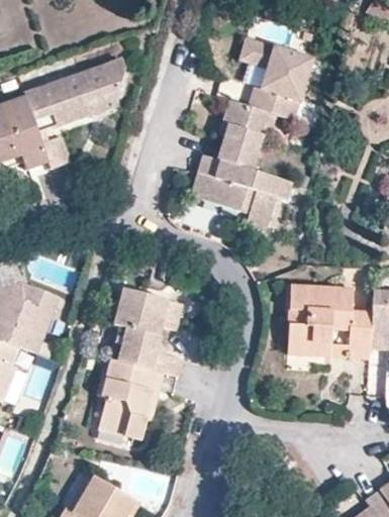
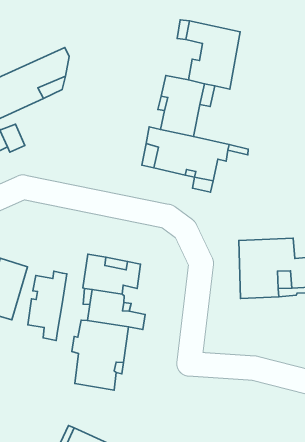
building: none -> [28,271,67,341]

